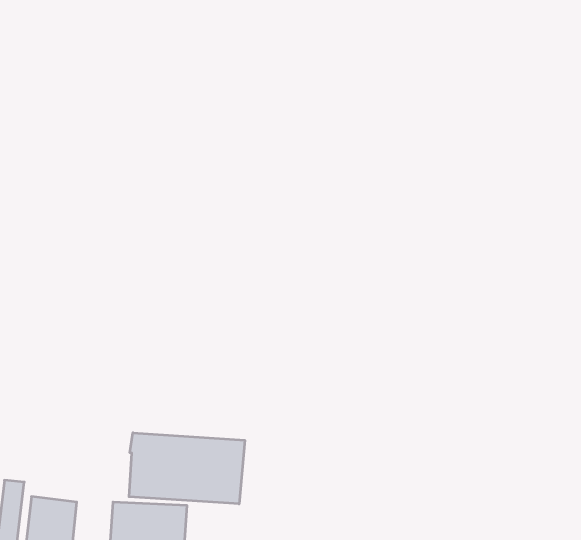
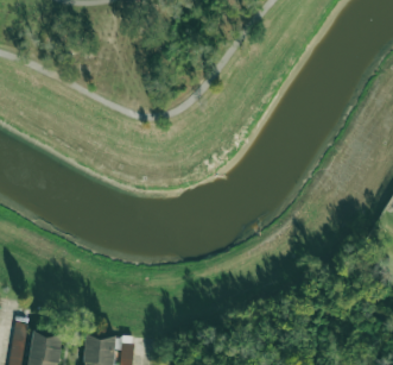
building: [129,433,245,504] -> none

